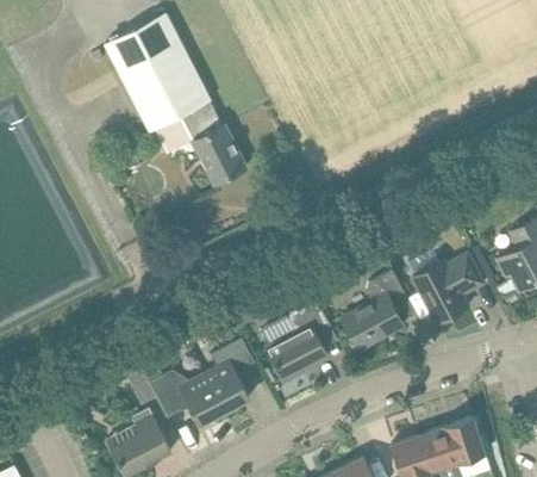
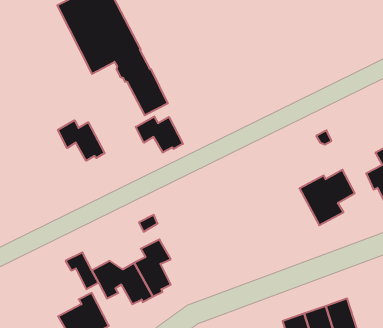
building: none -> [136,116,183,153]
building: none -> [58,120,105,161]
building: [342,271,406,351] -> none
building: [266,299,330,384] -> none

